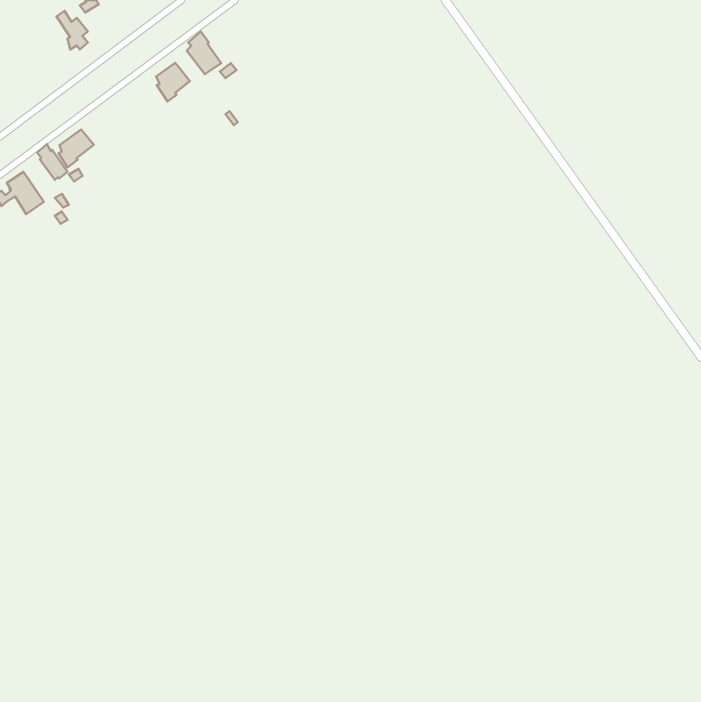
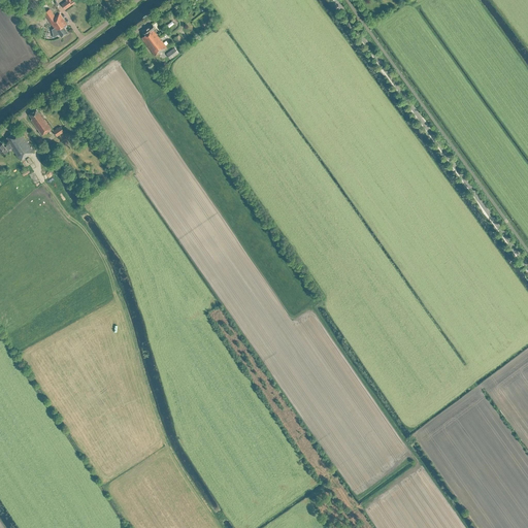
building: [156,63,190,101] -> none
building: [59,130,94,167] -> none

